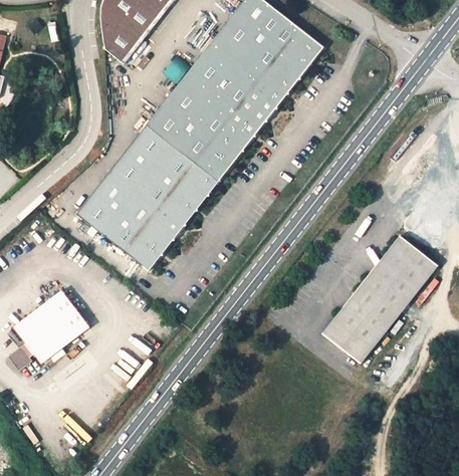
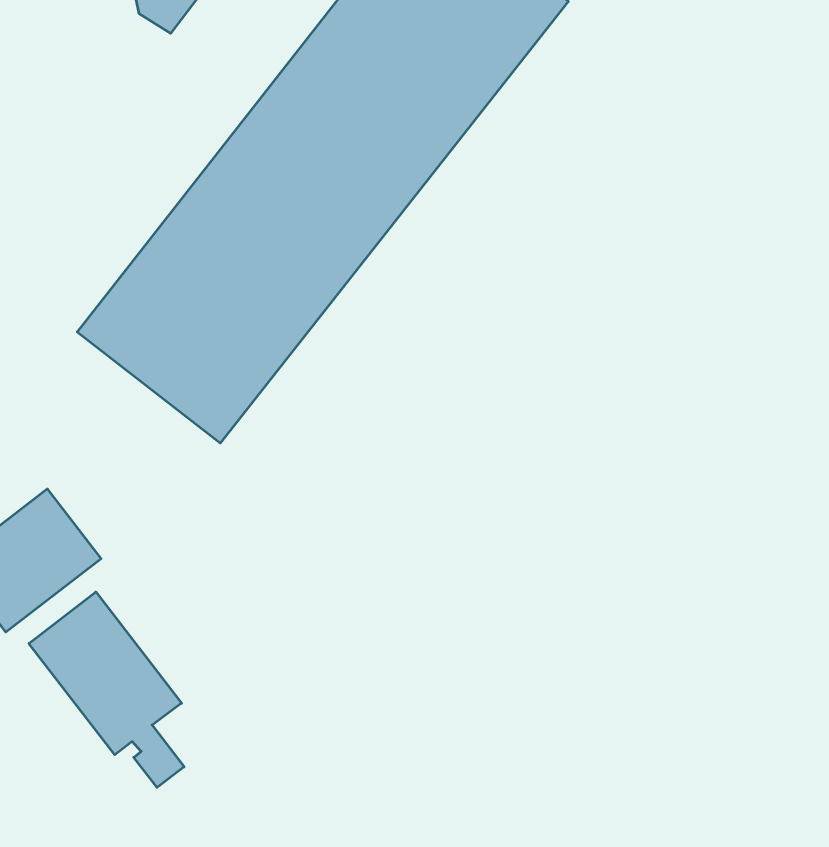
building: [321,237,436,364] -> none
building: none -> [29,592,184,787]

